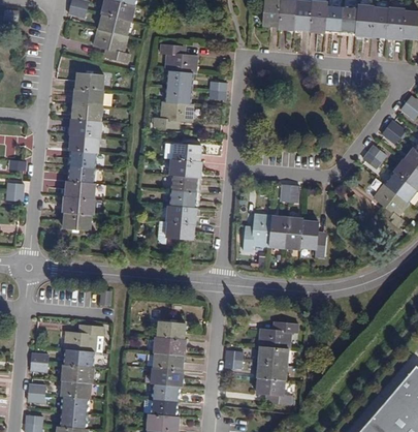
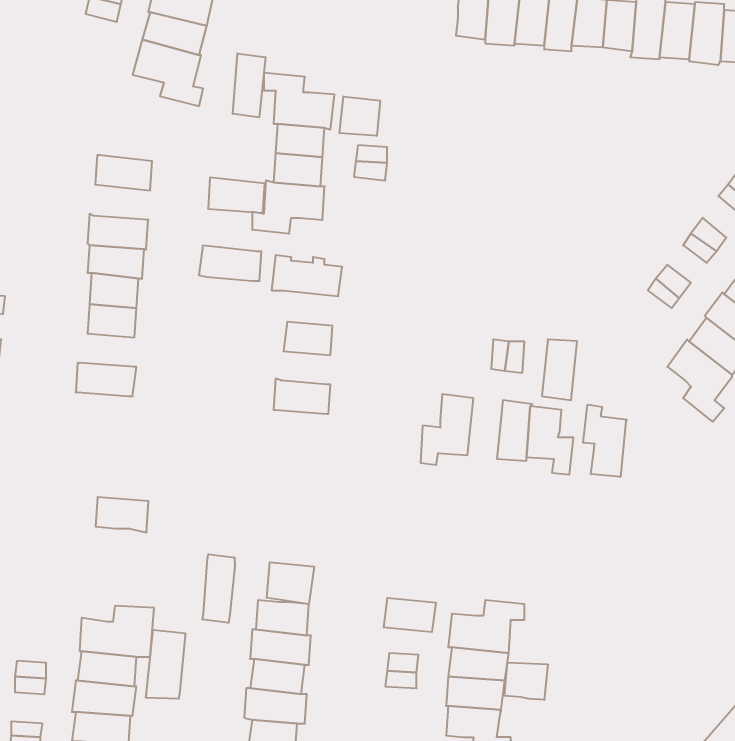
building: none -> [233,53,265,117]
building: none -> [340,96,380,136]
building: [74,72,102,90] -> none
building: [71,102,101,121] -> [208,177,265,213]
building: [169,158,202,177] -> [199,246,261,281]
building: [64,180,95,198] -> none
building: [170,190,196,208] -> none
building: [62,212,90,230] -> [96,497,148,532]
building: [268,215,287,247] -> [542,339,577,400]
building: none -> [583,405,627,477]
building: [166,221,194,240] -> none
building: none -> [202,554,235,623]
building: none -> [267,562,314,604]
building: none -> [384,598,436,632]
building: none -> [146,630,185,699]
building: none -> [504,662,548,700]

